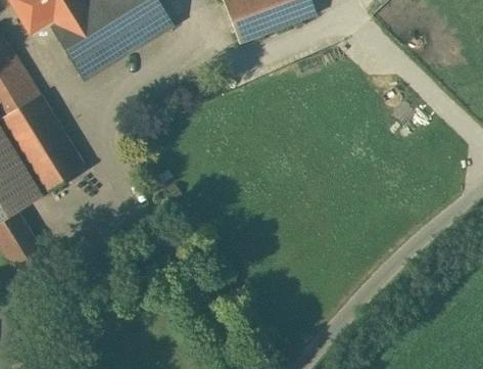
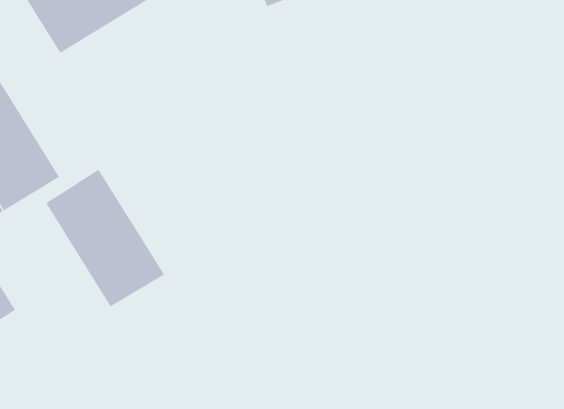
building: none -> [46,169,165,307]

